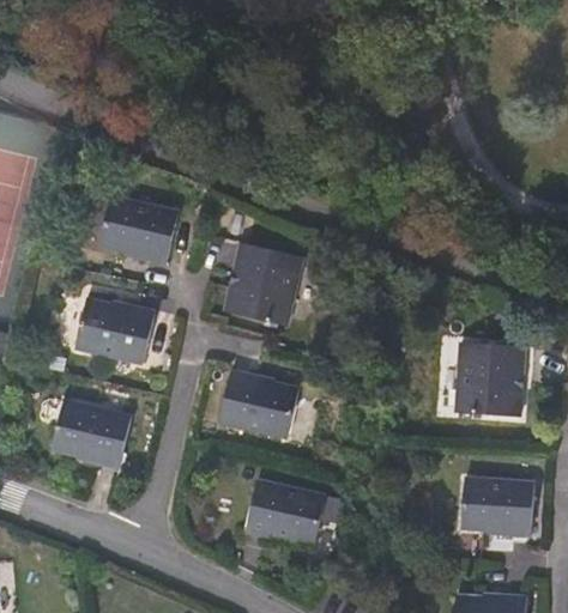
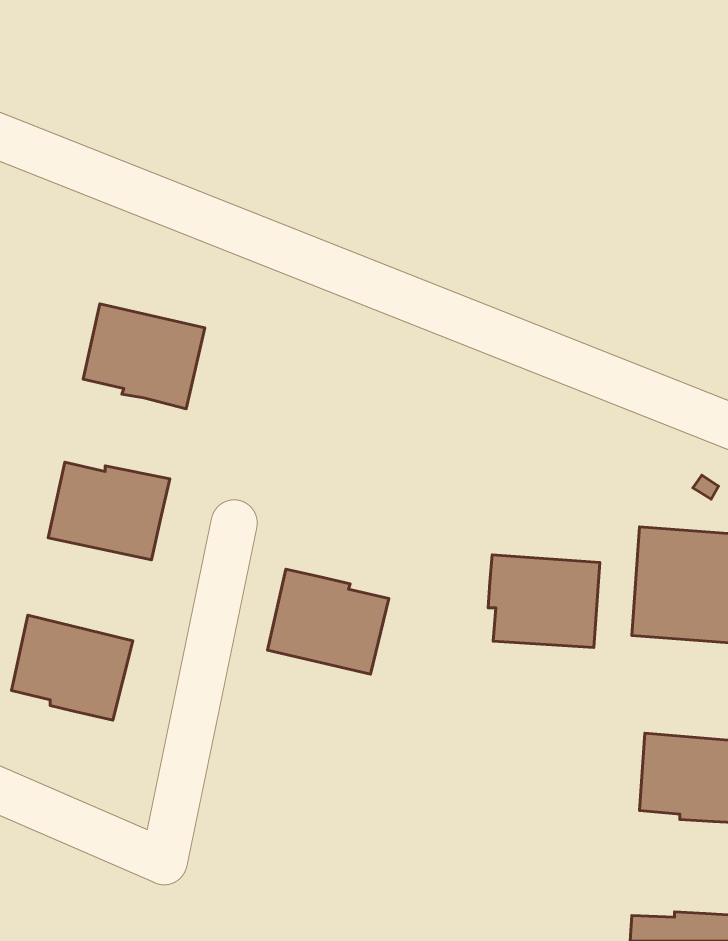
building: [225,243,303,326] -> none
building: none -> [488,555,600,647]
building: [246,480,344,545] -> none

